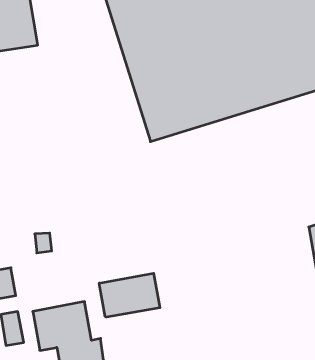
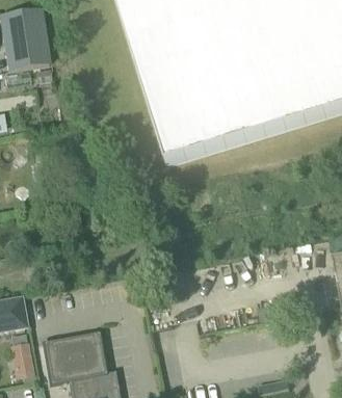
building: [99,273,160,317] -> none

